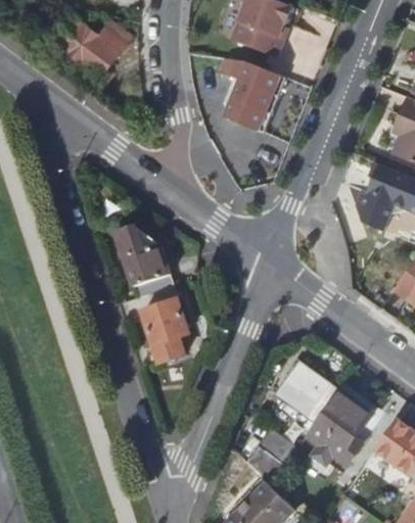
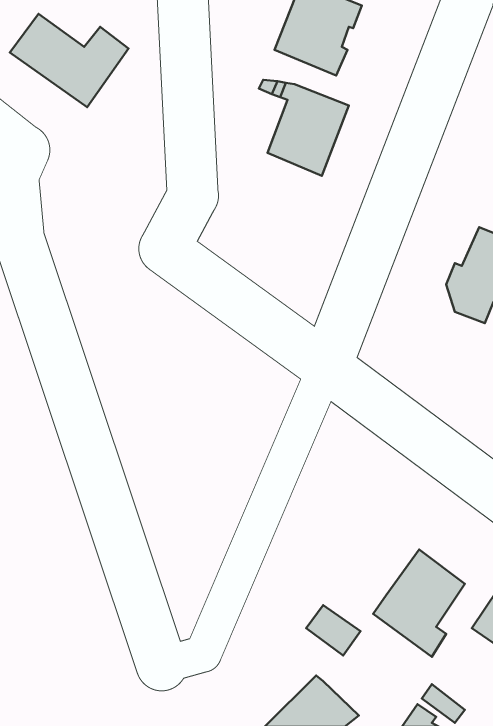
building: [117,228,174,296] -> none
building: [141,299,190,363] -> none
building: [276,366,337,425] -> none

